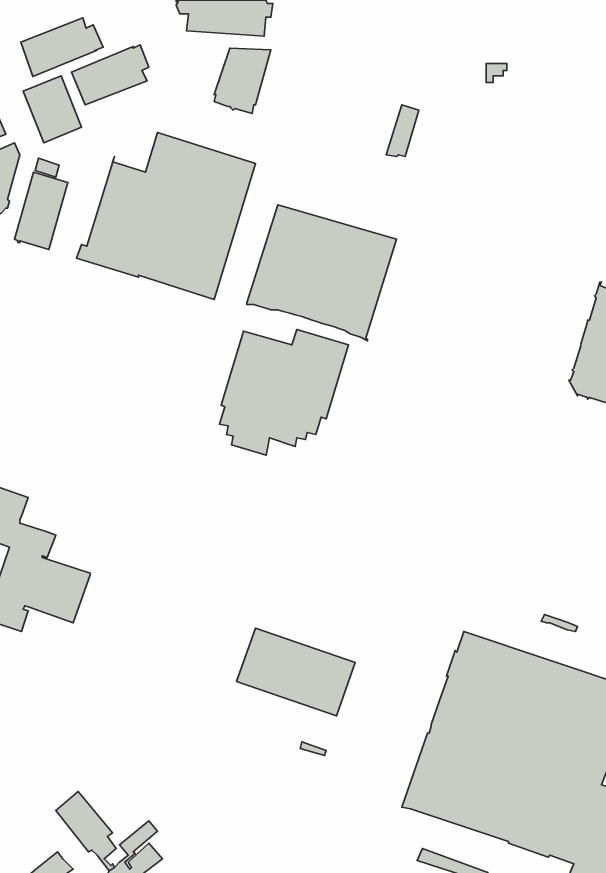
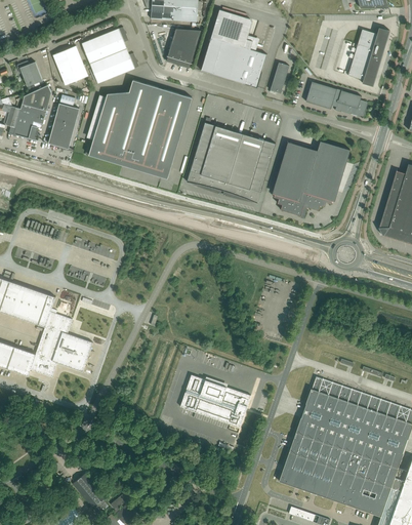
building: none -> [201,9,267,87]
building: [21,18,103,76] -> [90,48,139,83]
building: none -> [348,27,389,86]
building: none -> [305,81,368,117]
building: [220,329,349,455] -> [274,140,351,215]

